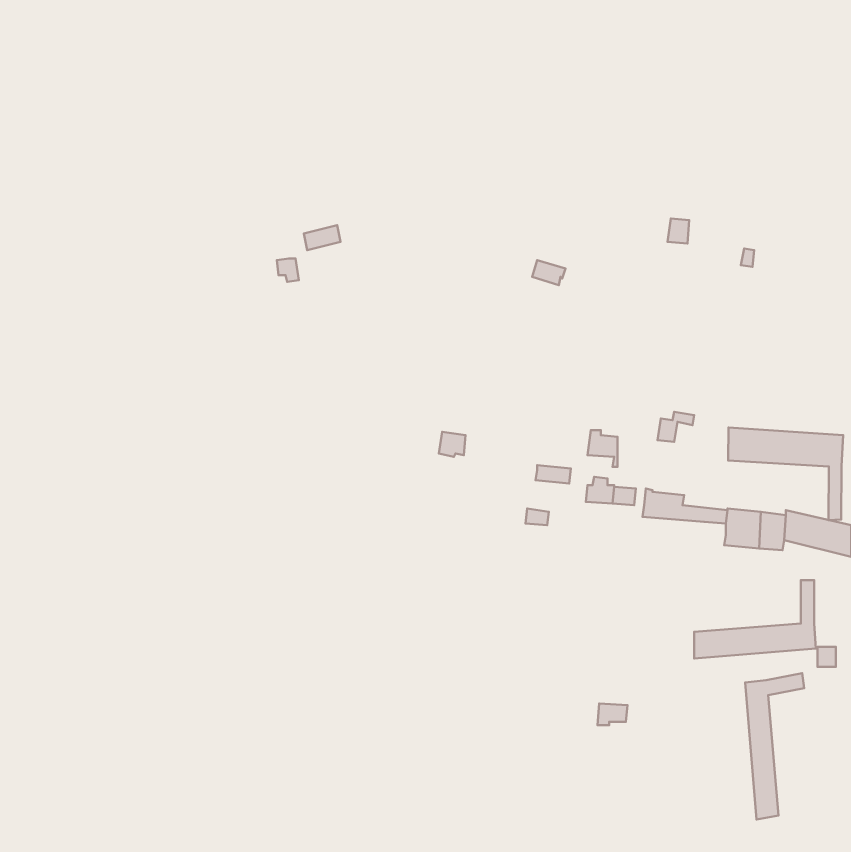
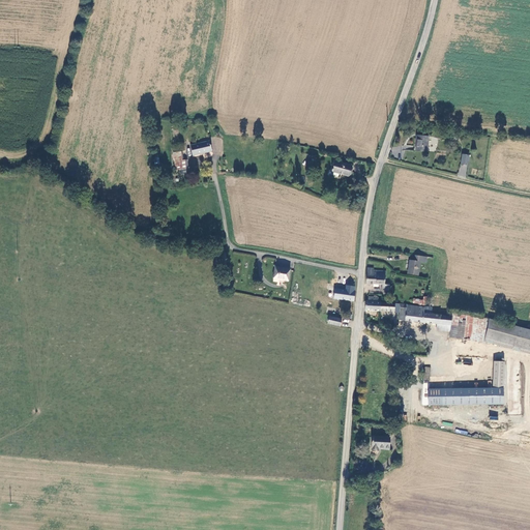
building: [728,428,843,520] -> none
building: [745,673,804,820] -> none

